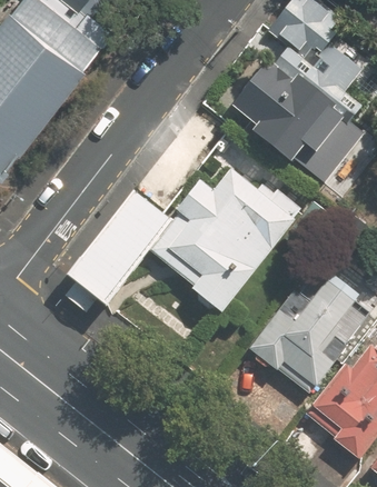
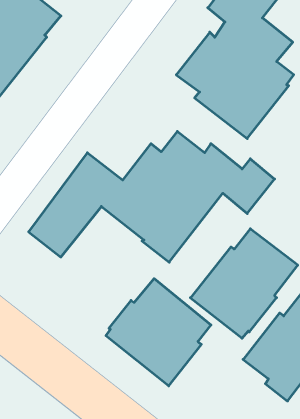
building: none -> [106,279,211,386]

